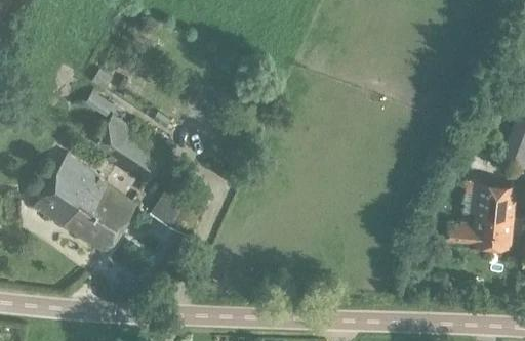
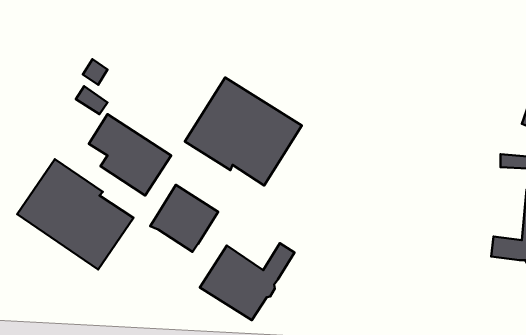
building: none -> [185,77,302,186]
building: none -> [200,243,295,320]

